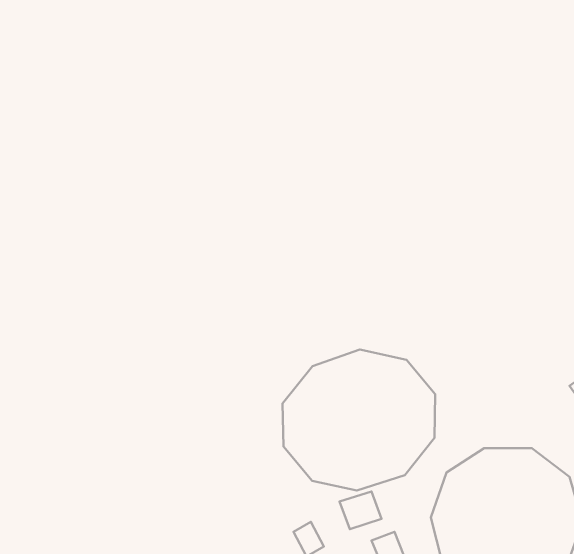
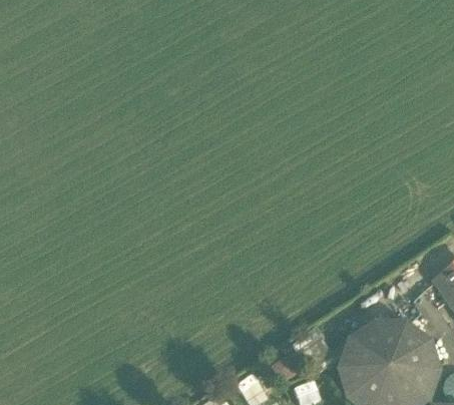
building: [283,350,435,490] -> none

